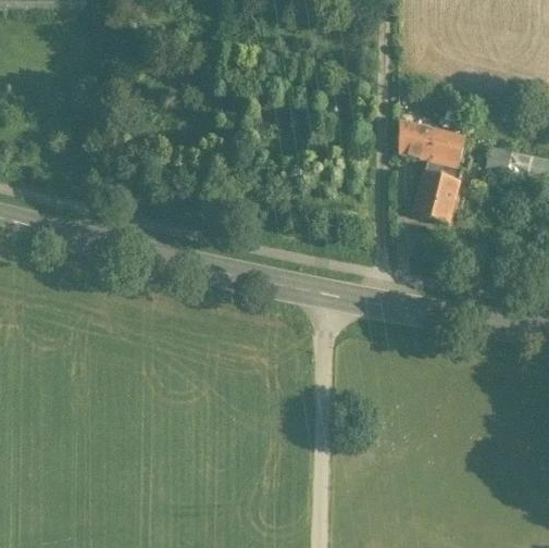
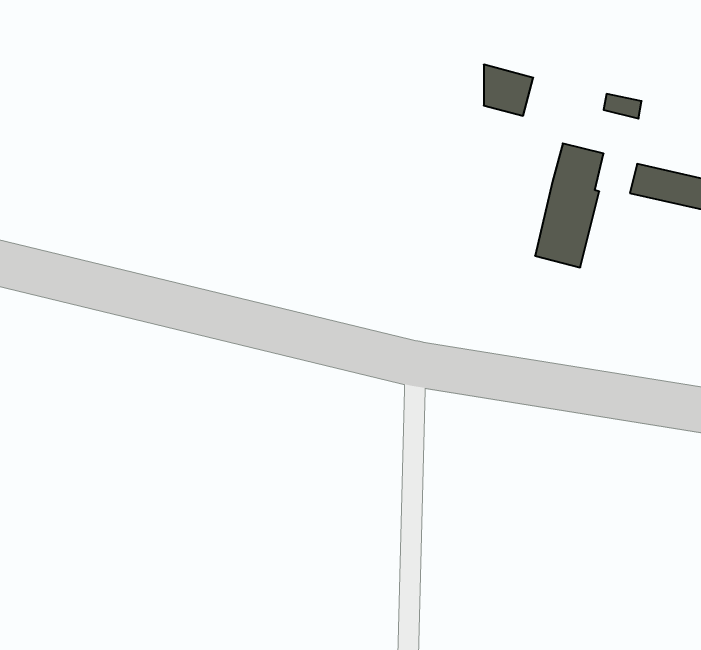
building: [399,116,436,154] -> [484,65,533,116]

